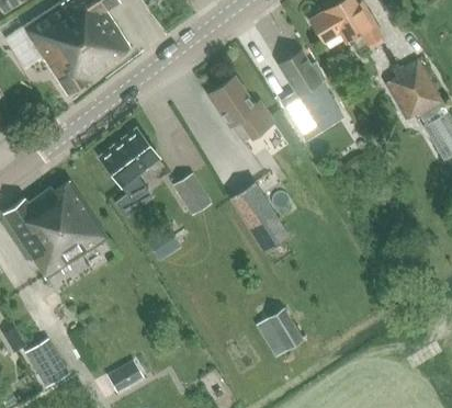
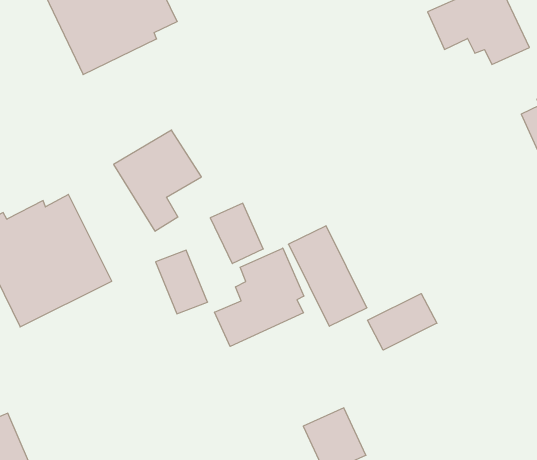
building: [279,50,335,141] -> none
building: [207,77,278,138] -> none
building: none -> [215,248,304,346]
building: none -> [368,294,437,350]

